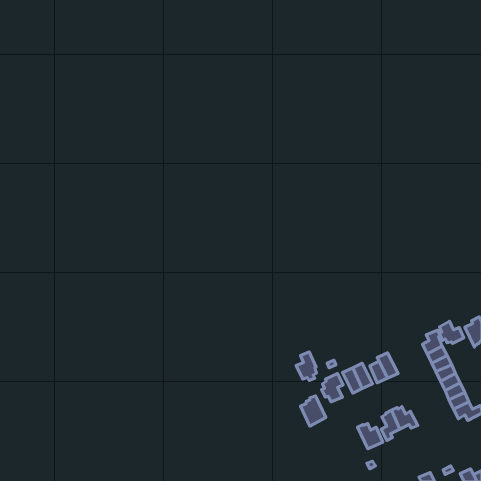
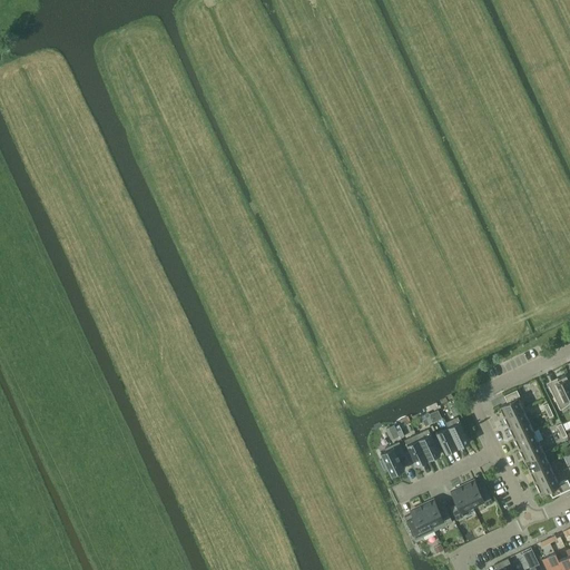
building: [439,321,464,344] -> none
building: [296,352,317,381] -> none
building: [300,396,326,426] -> [405,505,435,541]

